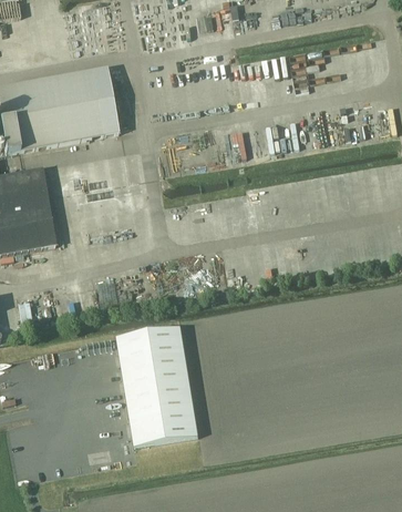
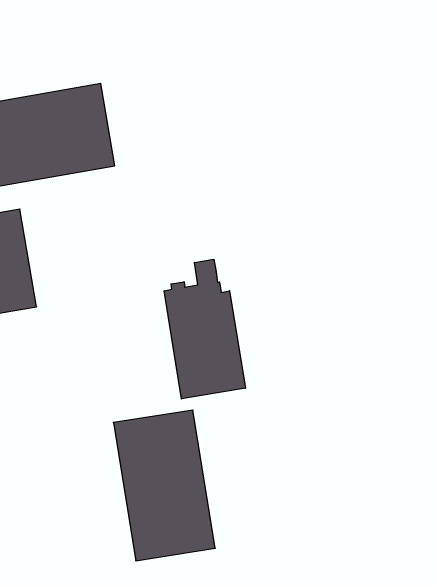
building: none -> [164,259,245,399]

